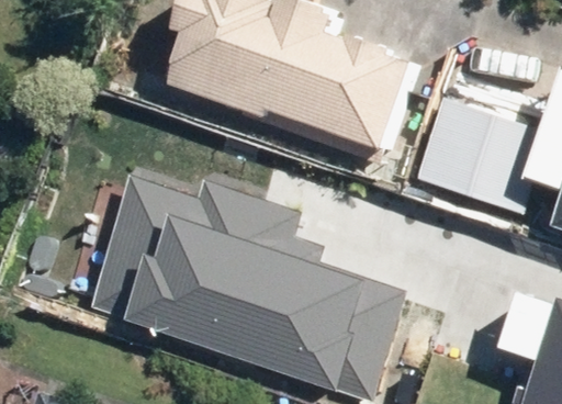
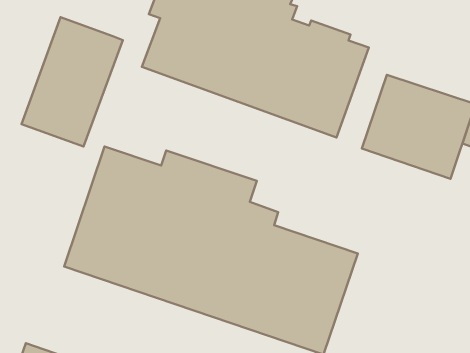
building: none -> [22,17,123,147]

